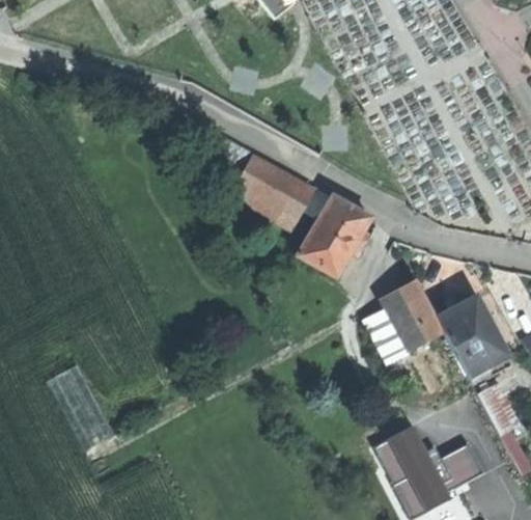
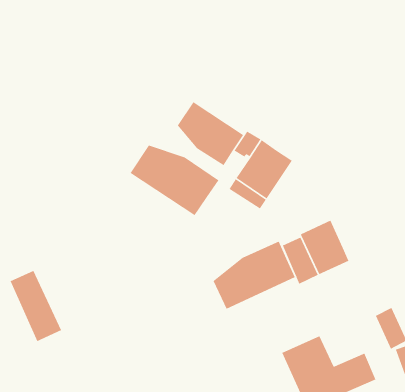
building: none -> [130,144,220,216]
building: [438,296,508,380] -> none
building: none -> [212,240,296,310]

